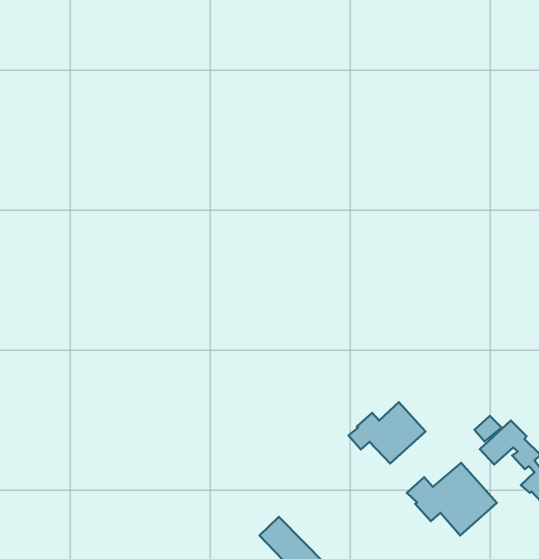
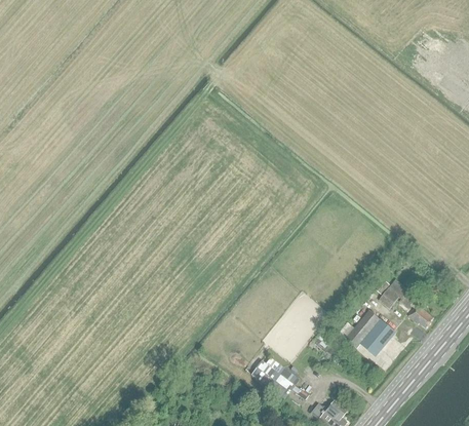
building: [348,402,425,464] -> none

